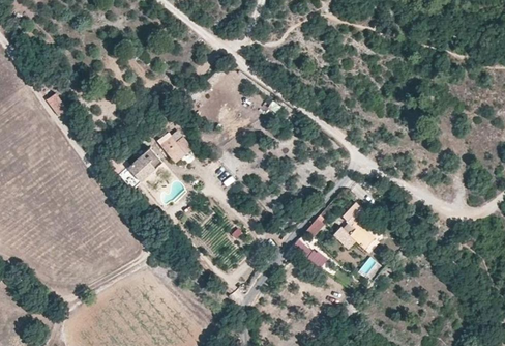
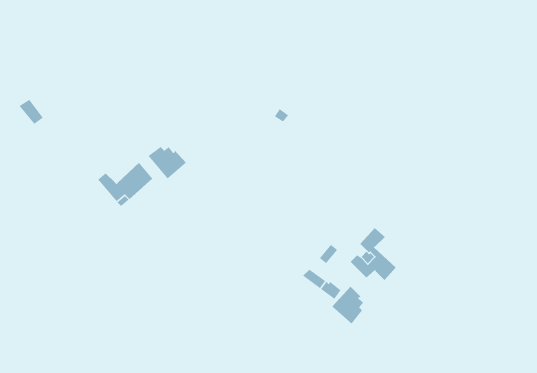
building: none -> [332,286,364,324]

